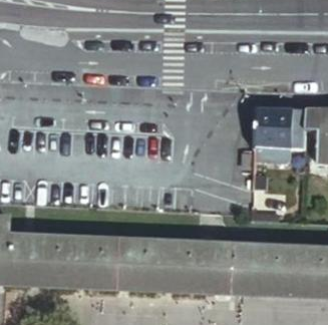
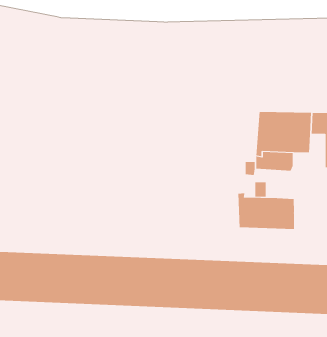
building: none -> [238,193,294,230]

